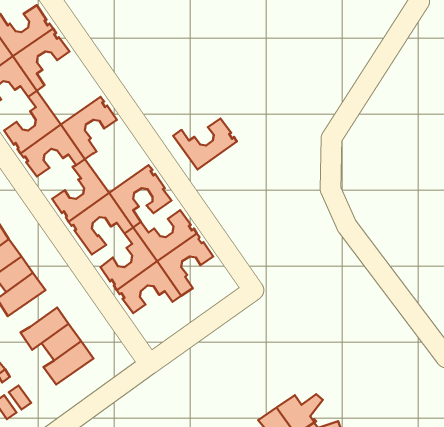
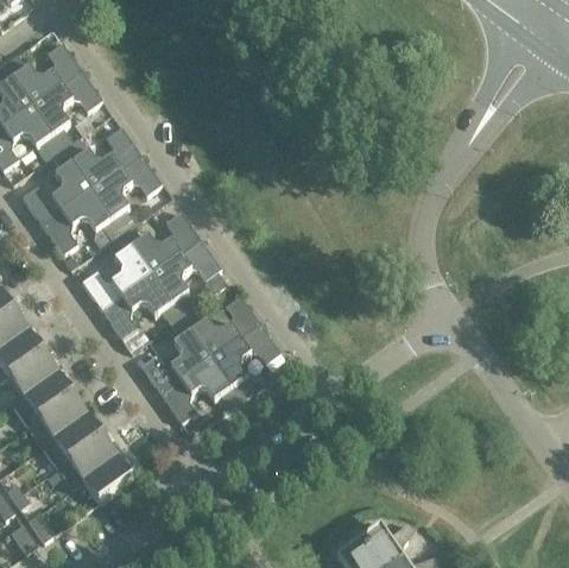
building: none -> [62,125,140,188]
building: [173,118,237,169] -> [121,209,200,272]
building: none -> [38,392,87,437]

